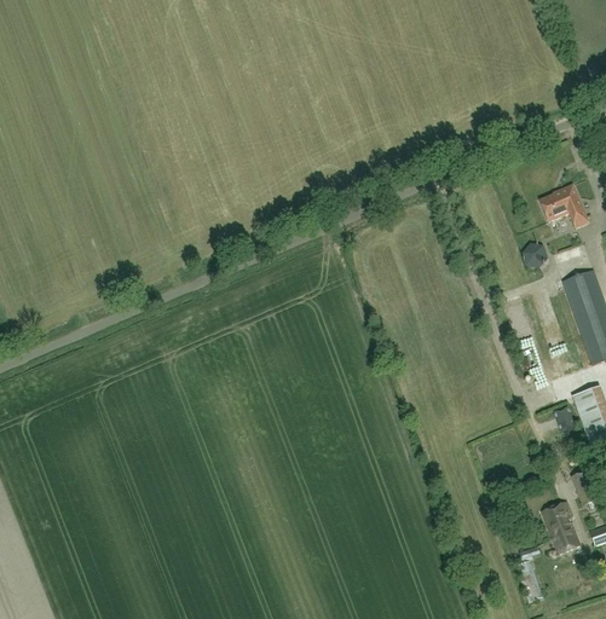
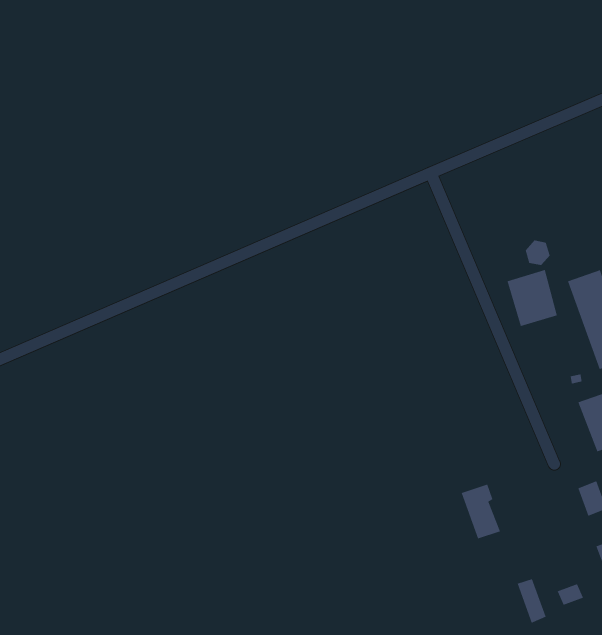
building: [539,183,588,226] -> none
building: none -> [507,269,558,327]
building: [542,501,579,553] -> [461,484,501,539]

